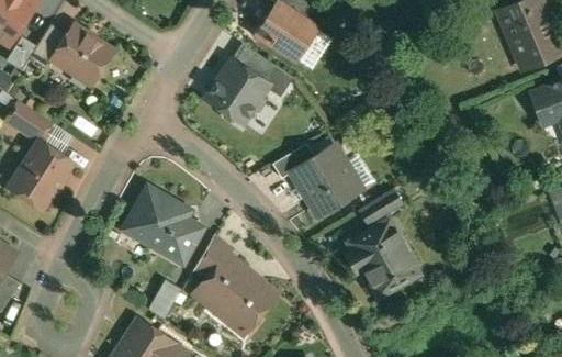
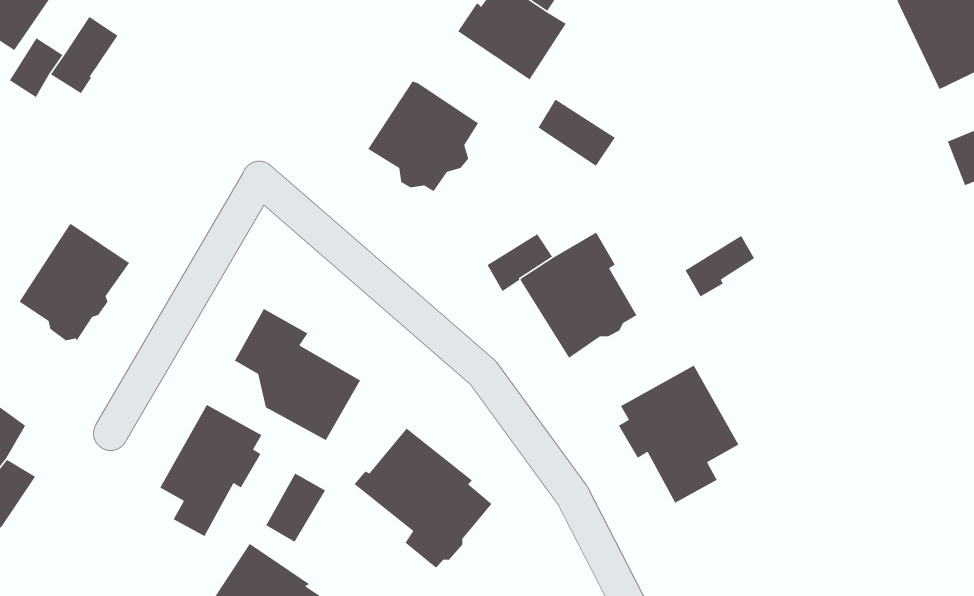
building: [52,25,112,83] -> none
building: [235,45,279,83] -> [537,98,616,167]
building: [8,101,53,141] -> none
building: [361,190,401,225] -> [685,235,755,298]
building: [195,235,232,280] -> none
building: none -> [159,404,262,537]

